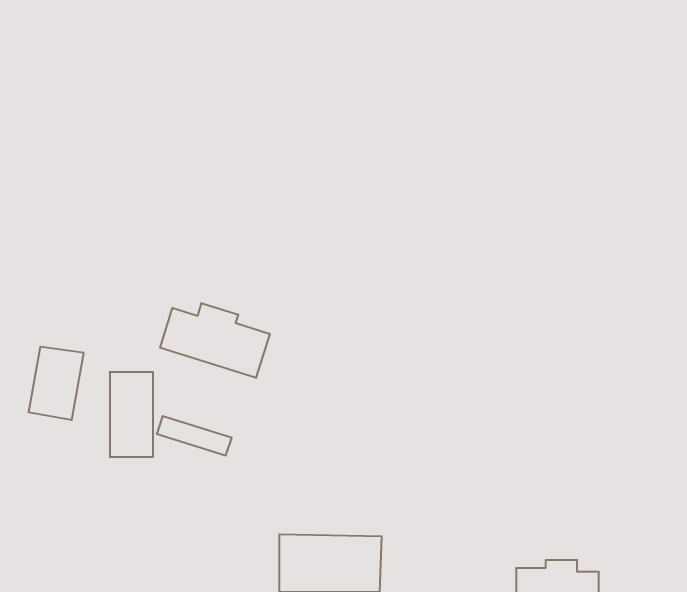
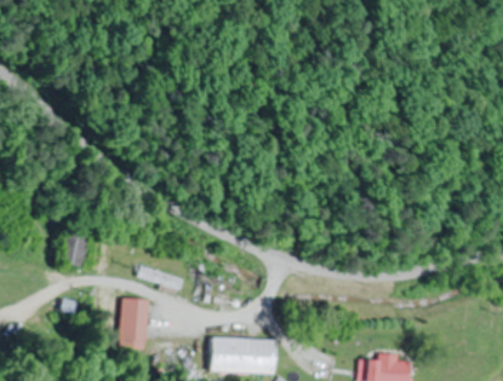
building: [160,303,270,378] -> none
building: [110,372,153,457] -> [122,299,149,351]

